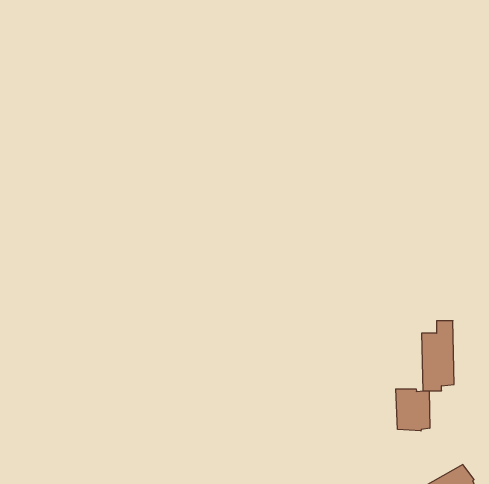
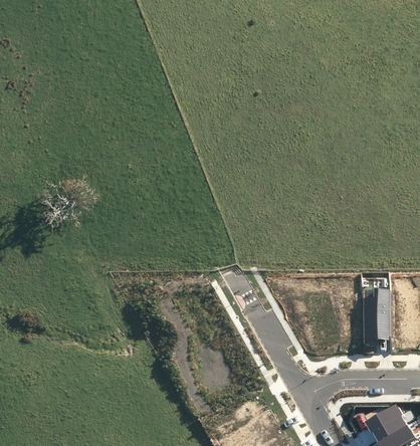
building: [396,389,430,431] -> none

